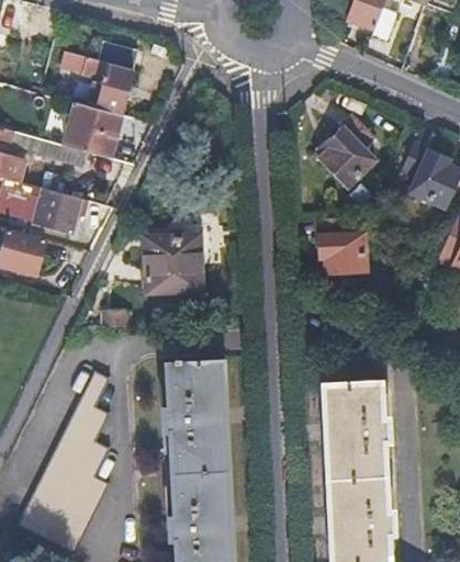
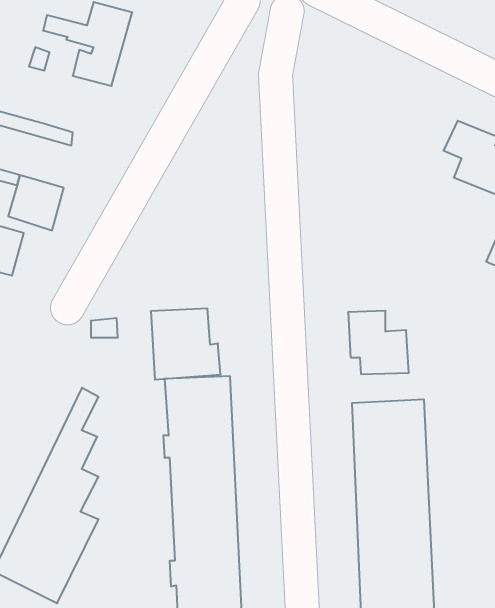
building: [61,103,119,158] -> none
building: [315,115,373,187] -> none
building: [314,216,366,270] -> [348,311,409,374]
building: [143,236,202,296] -> [151,309,221,380]

